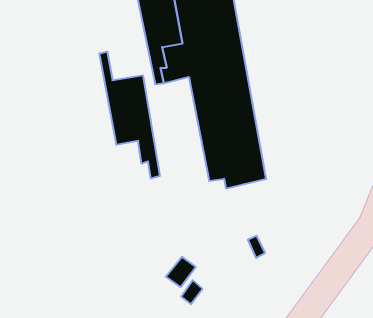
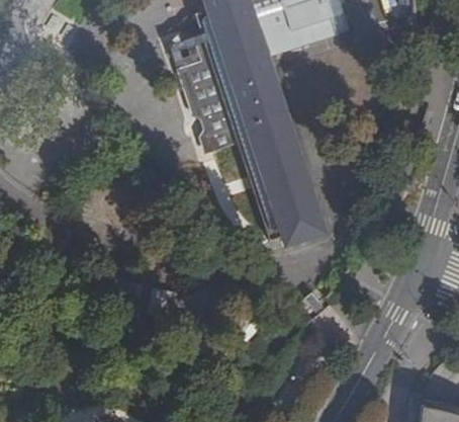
building: [99,52,160,178] -> none

